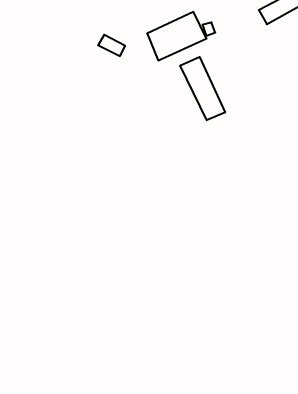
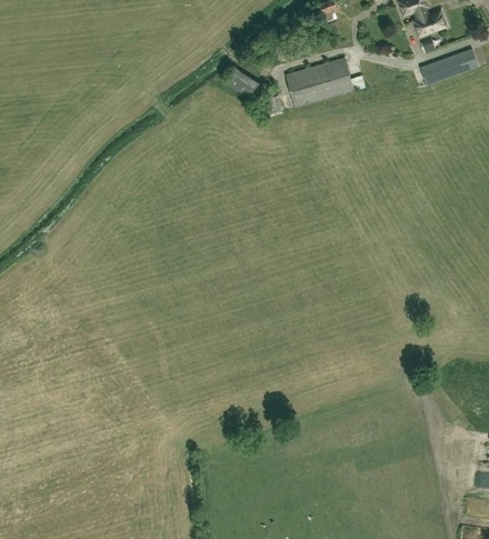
building: [180,57,225,120] -> none

